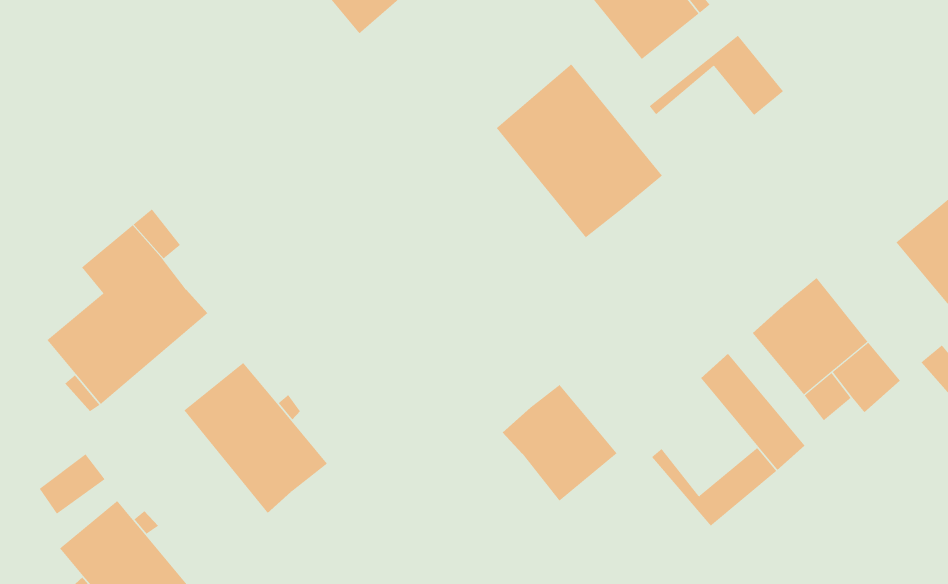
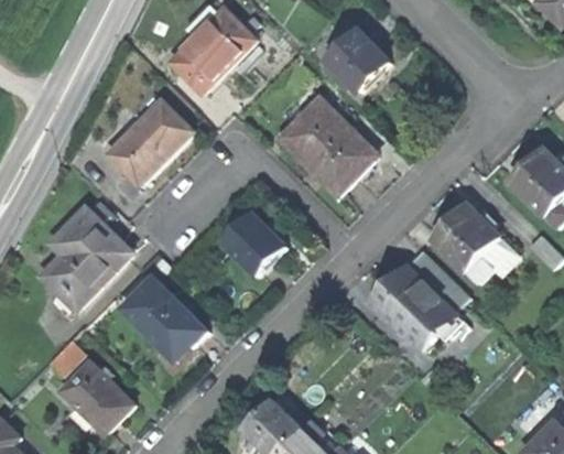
building: [649,35,784,116] -> none
building: none -> [108,102,191,185]
building: none -> [223,214,284,277]
building: [502,384,617,502] -> [377,266,442,331]

